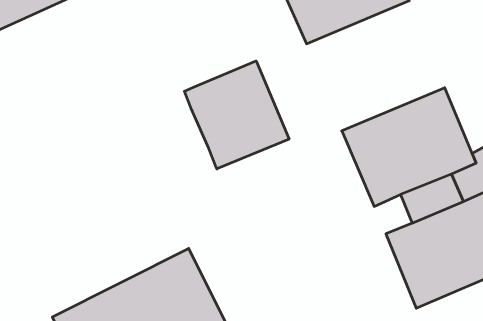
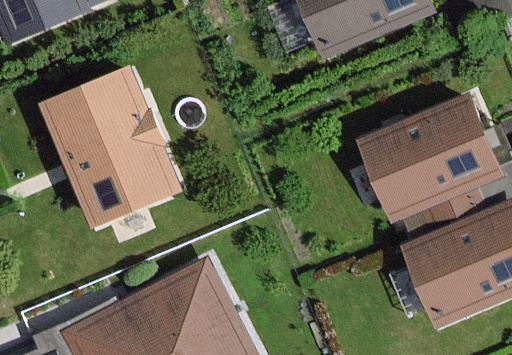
building: none -> [41,68,178,224]
building: [184,61,289,169] -> none

